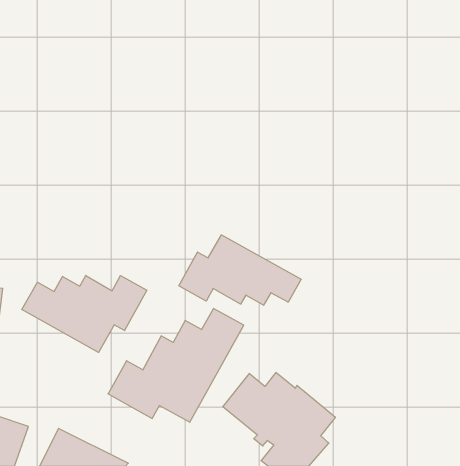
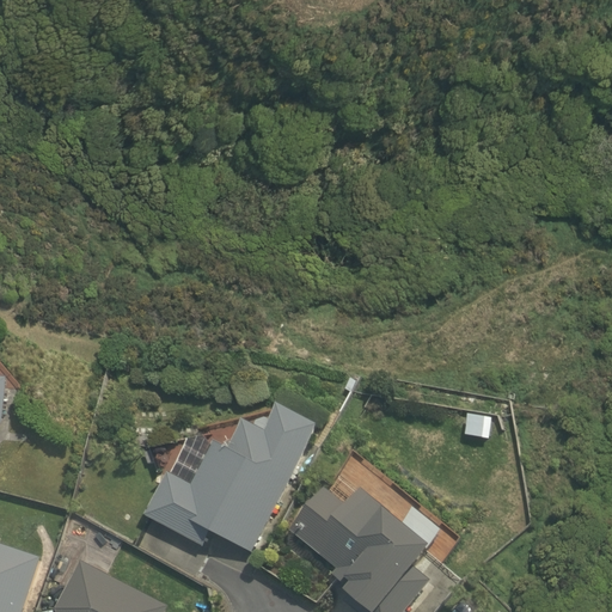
building: [179,235,301,305] -> none
building: [22,275,147,352] -> none

